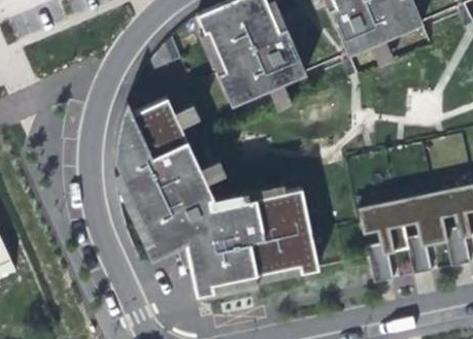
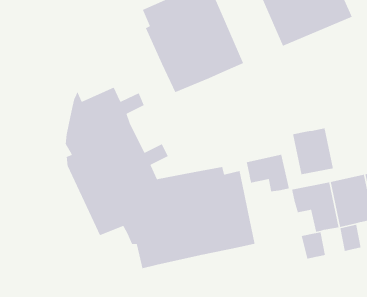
building: none -> [292,127,334,175]
building: none -> [246,154,290,192]

